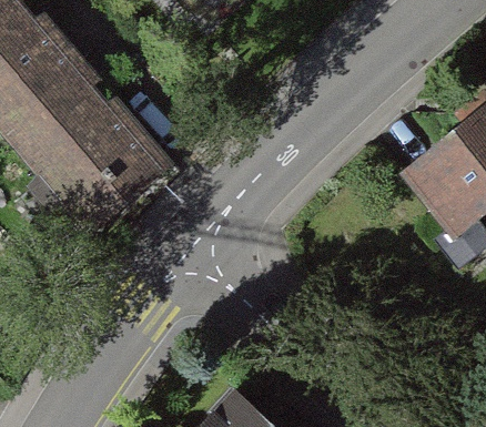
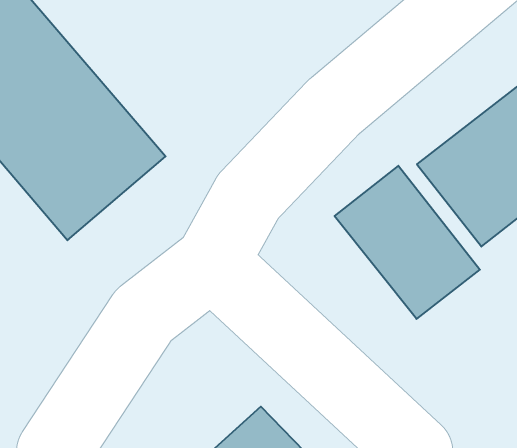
building: none -> [335,166,480,319]

